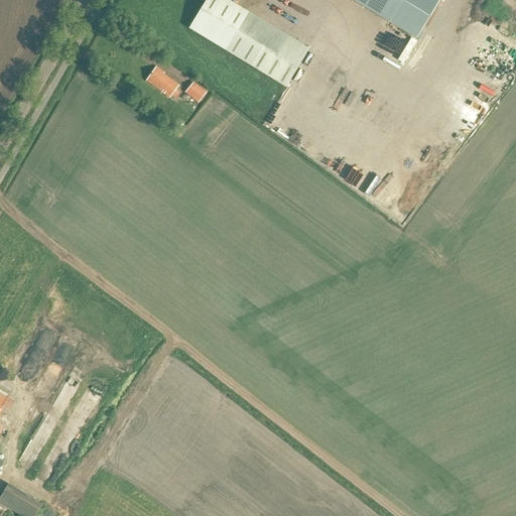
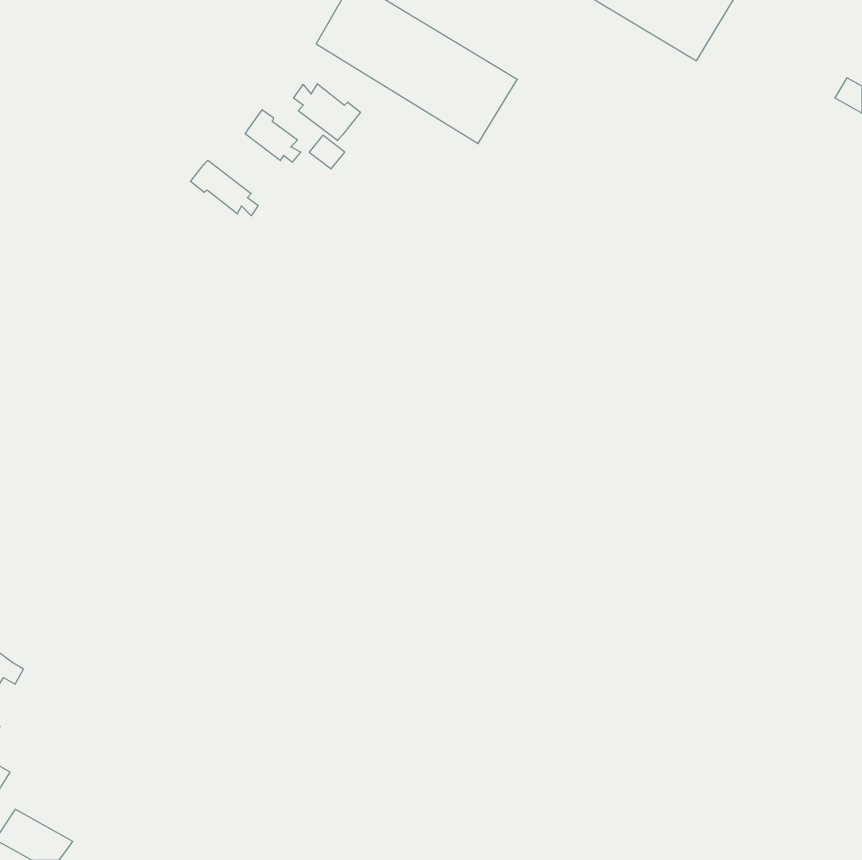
building: none -> [294,84,360,141]
building: none -> [190,160,258,216]

